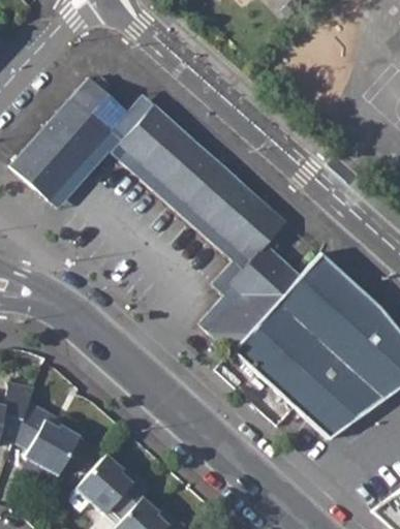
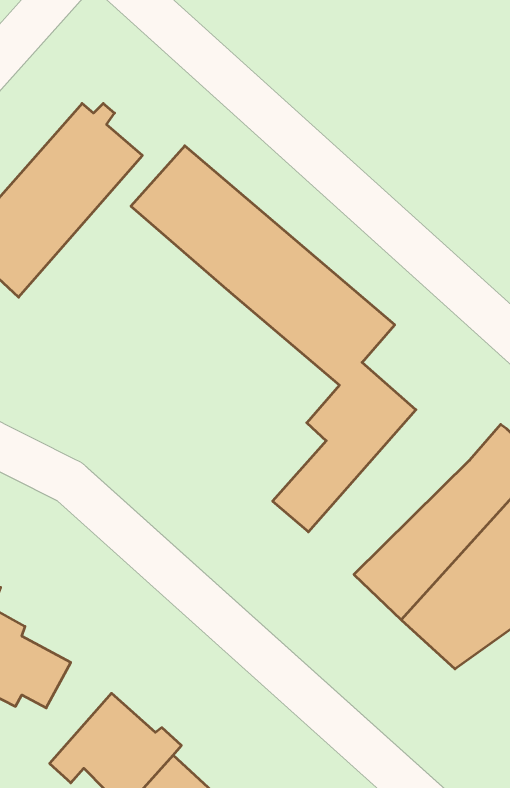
building: [50,95,253,332] -> none
building: [234,251,356,378] -> none

